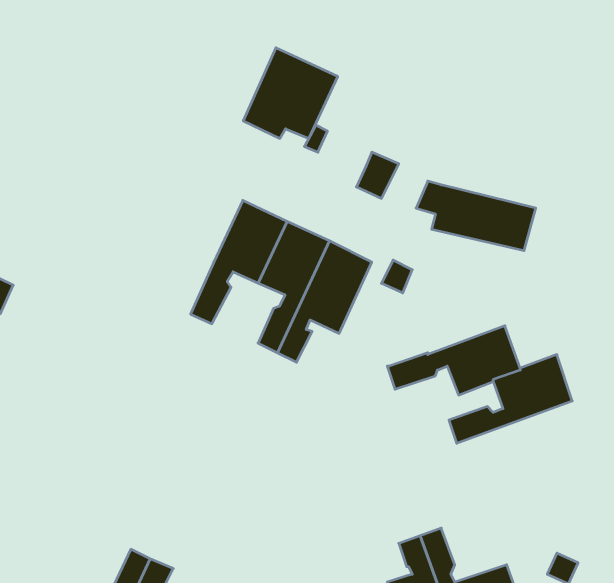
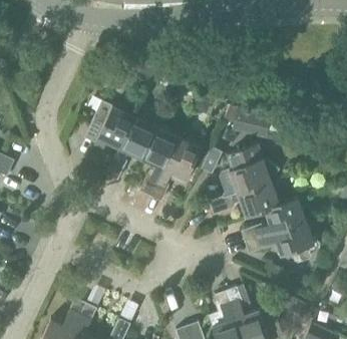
building: [243,48,338,138] -> [84,100,133,147]
building: none -> [221,143,275,196]
building: none -> [245,220,314,263]

